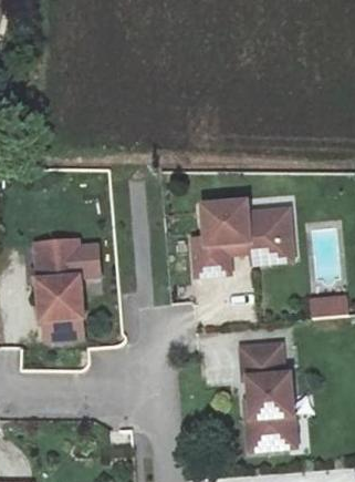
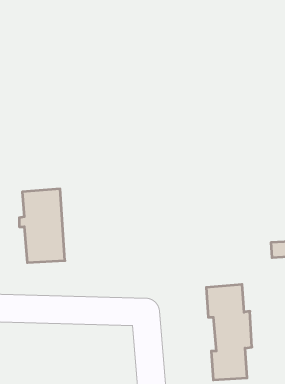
building: [194,204,282,279] -> none

